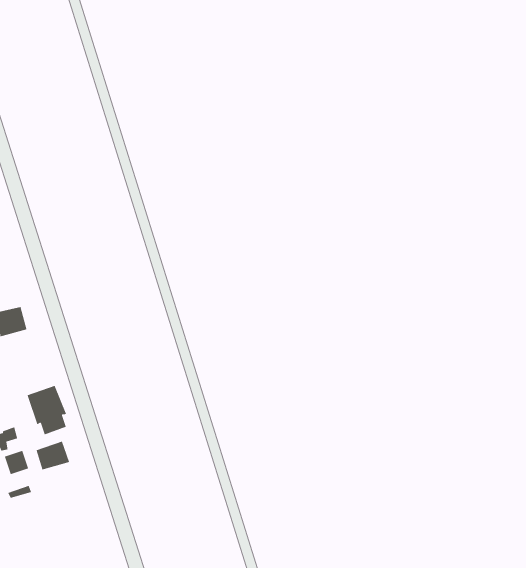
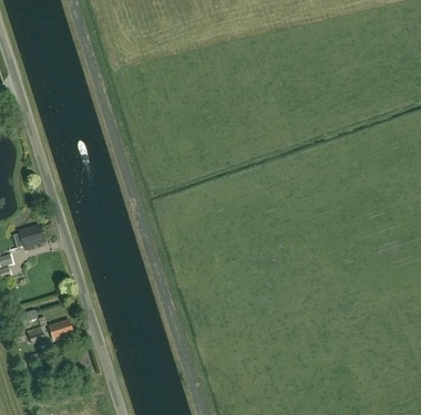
building: [27,385,67,435] -> none

